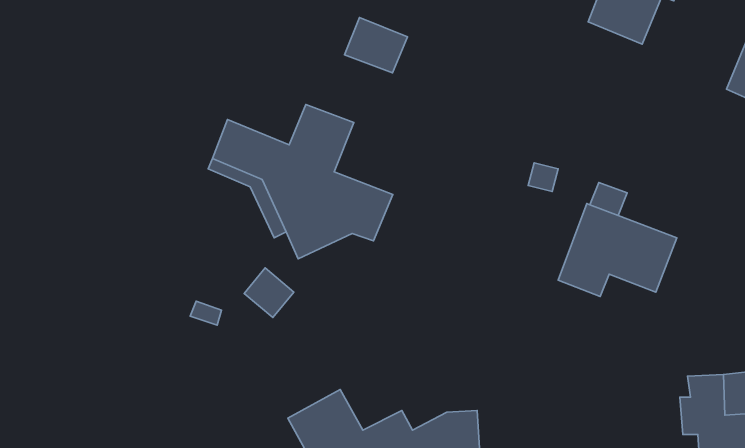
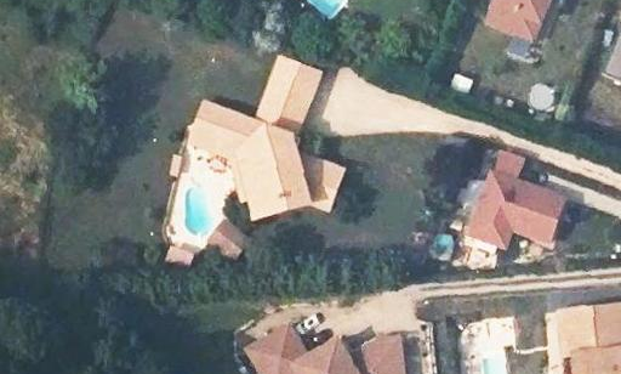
building: [344,17,408,73] -> [263,61,314,106]

